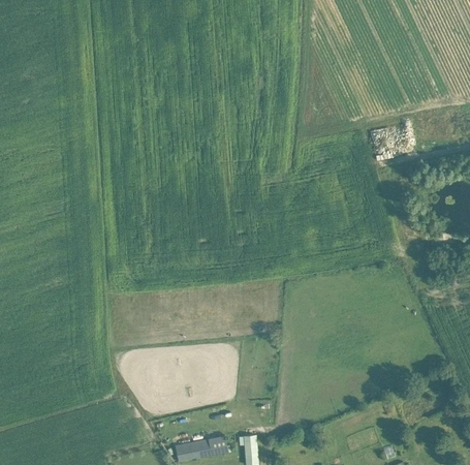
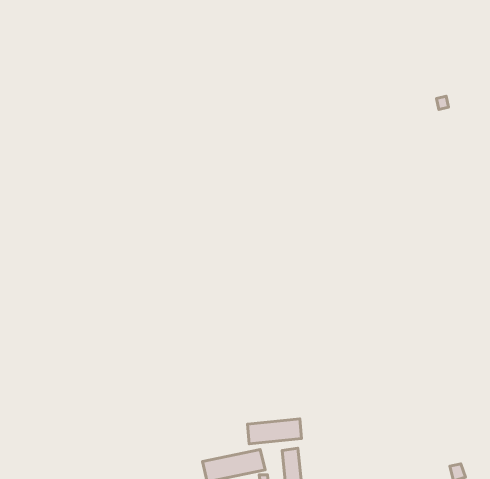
building: none -> [248,419,301,444]

